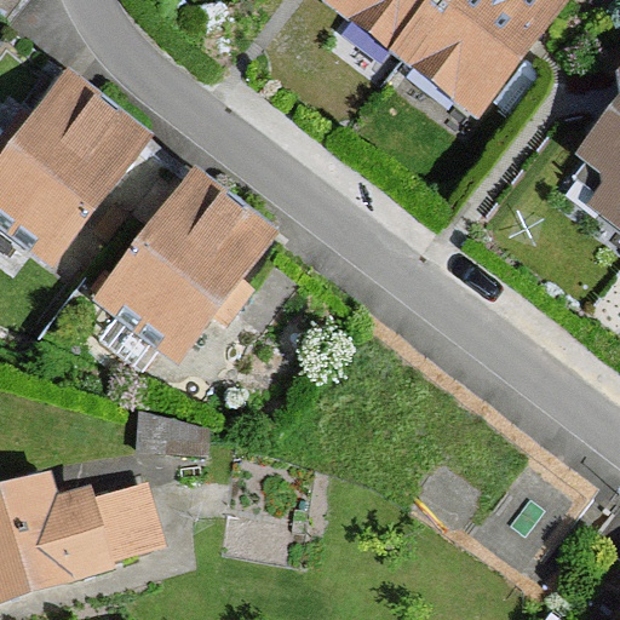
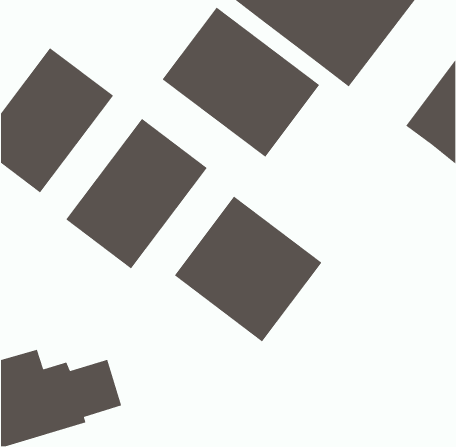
building: none -> [162,7,320,158]
building: none -> [174,196,323,342]

